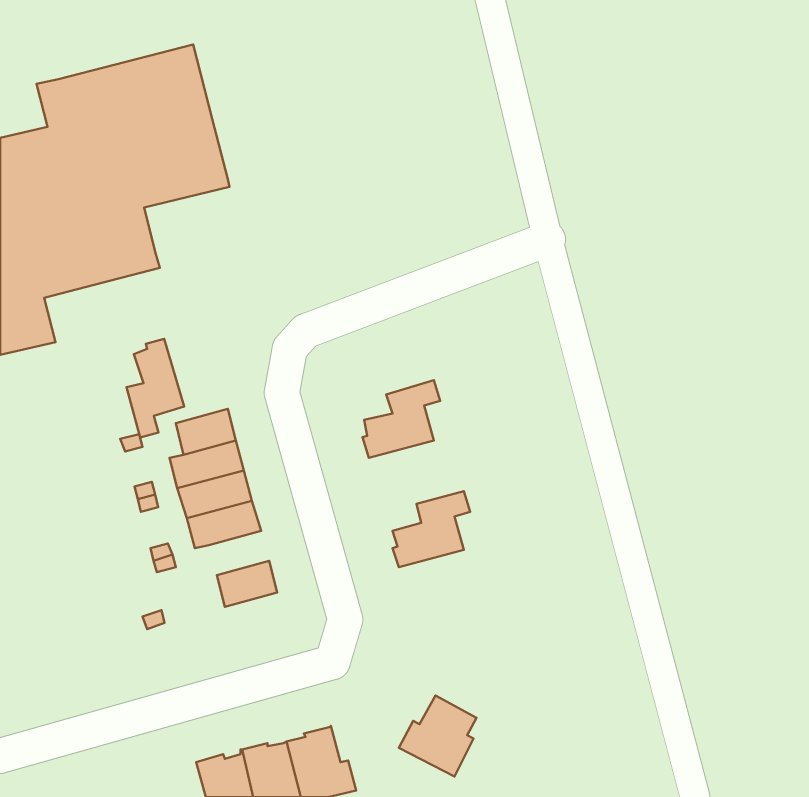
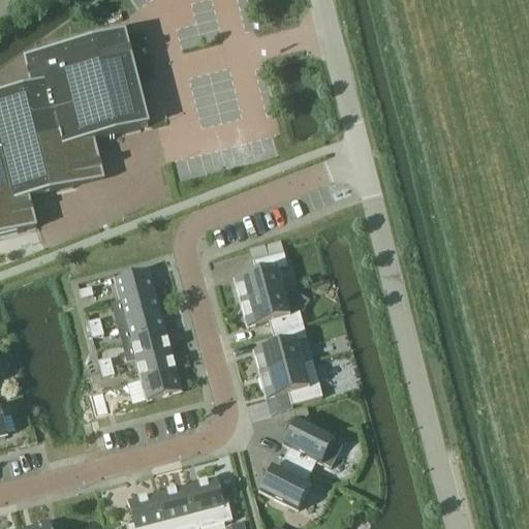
building: [127,339,184,437] -> none
building: none -> [241,287,303,329]
building: none -> [136,346,176,375]
building: none -> [260,359,322,401]
building: none -> [284,416,342,468]

